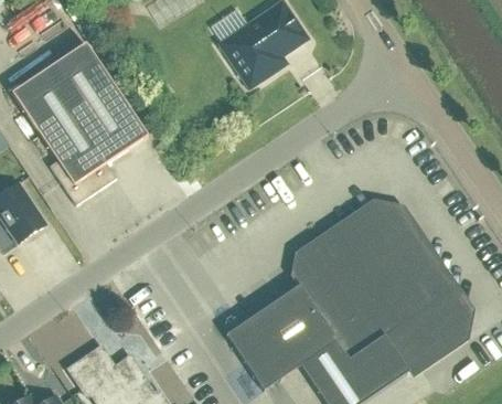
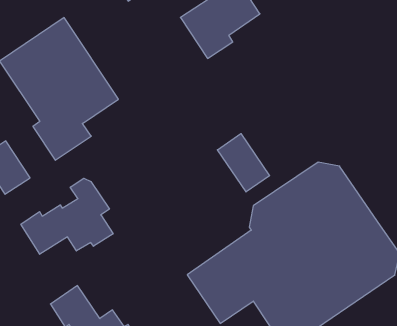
building: none -> [217,134,270,192]
building: none -> [21,178,113,254]

